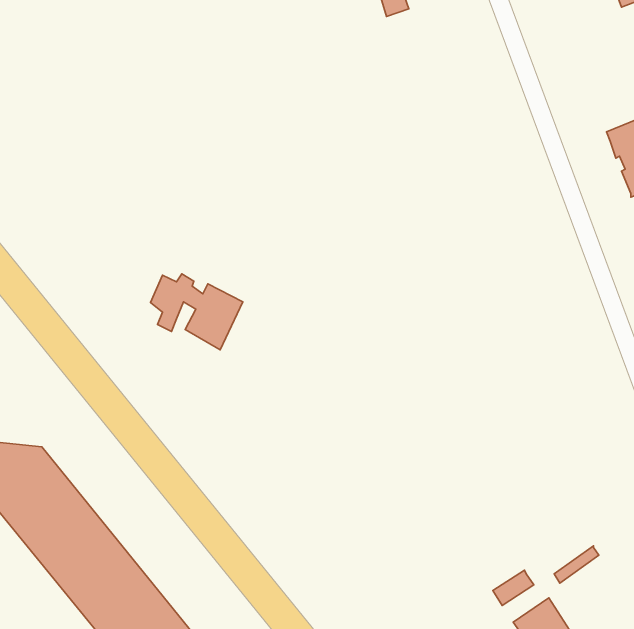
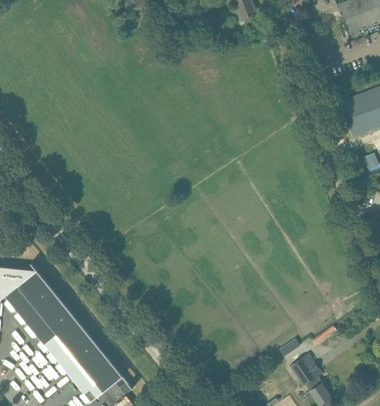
building: [150,274,243,350] -> none

